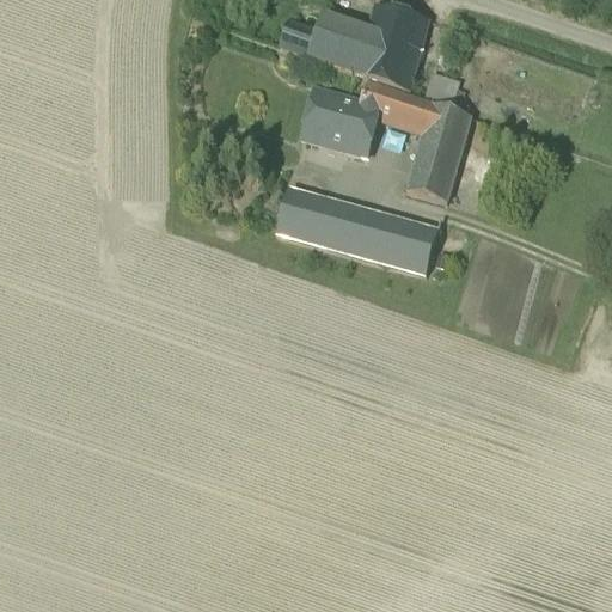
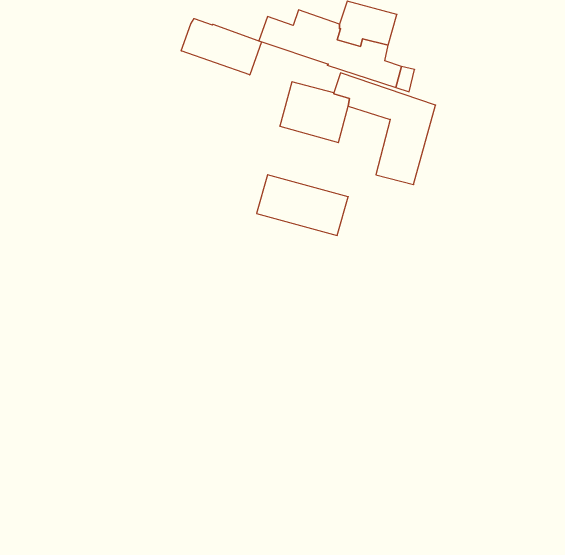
building: none -> [181,19,261,75]
building: [365,213,439,273] -> none

